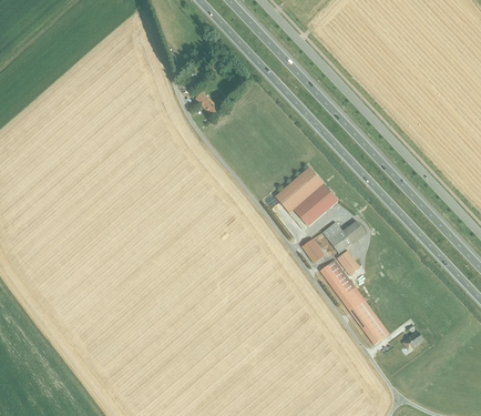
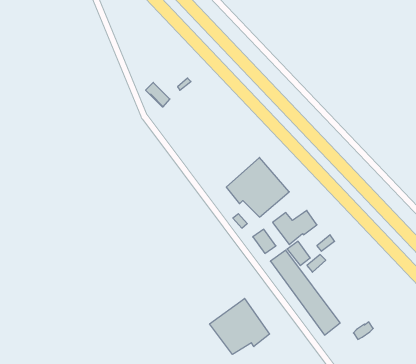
building: none -> [210,298,270,354]

